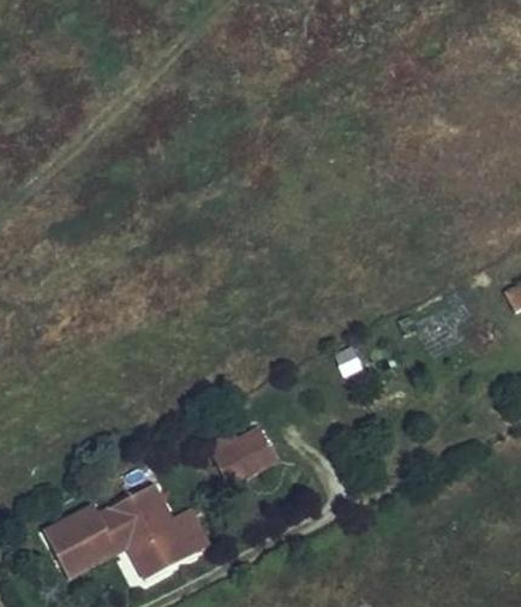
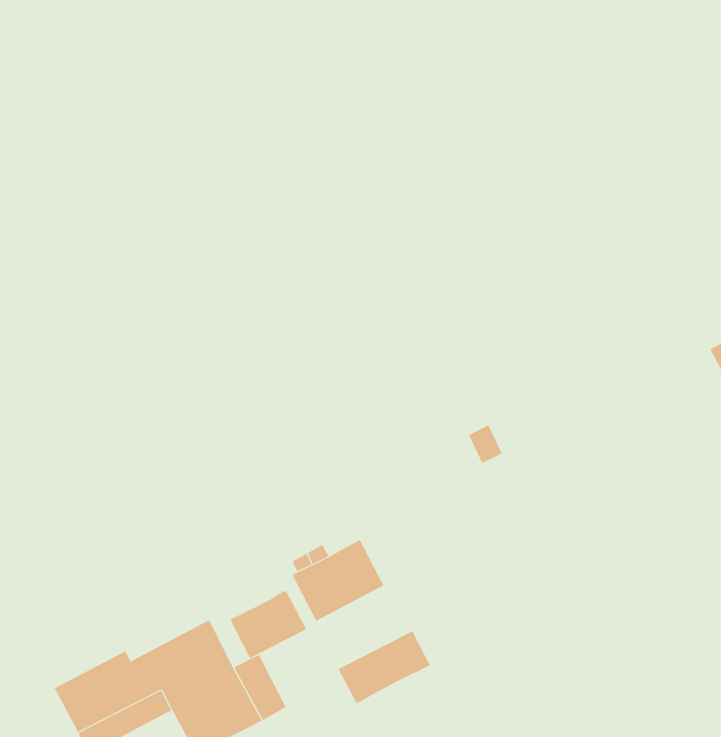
building: none -> [229,590,307,659]
building: none -> [338,631,431,704]

